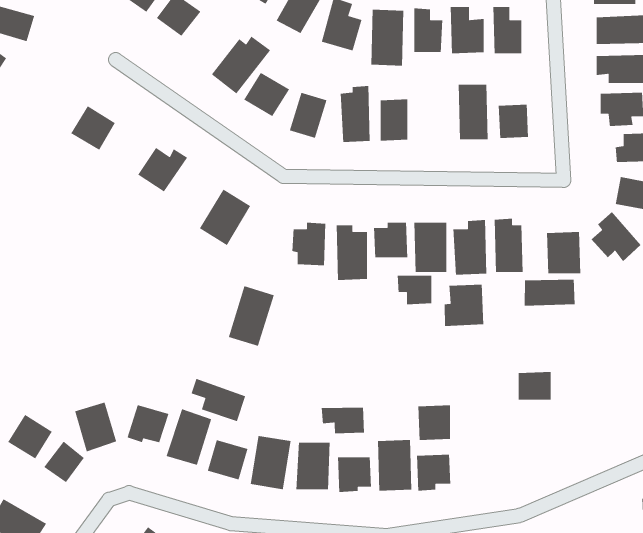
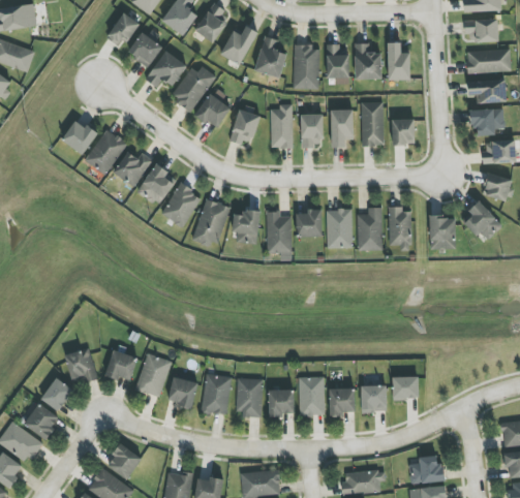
building: none -> [145,50,187,87]
building: none -> [331,110,354,147]
building: none -> [85,128,128,175]
building: none -> [139,162,176,205]
building: [397,275,432,305] -> none
building: [524,279,576,307] -> none
building: [444,284,484,327] -> none
building: [228,285,275,347] -> [193,198,230,246]
building: [518,371,551,401] -> [393,376,419,399]
building: [190,378,246,422] -> none
building: [417,405,451,441] -> [361,384,387,412]
building: [321,407,365,434] -> none
building: [7,414,53,460] -> [25,403,60,438]

